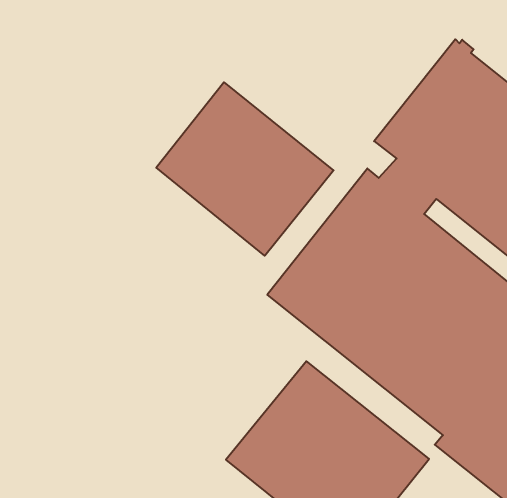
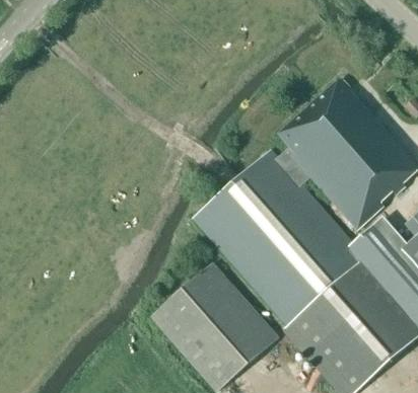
building: [156,82,334,256] -> none

